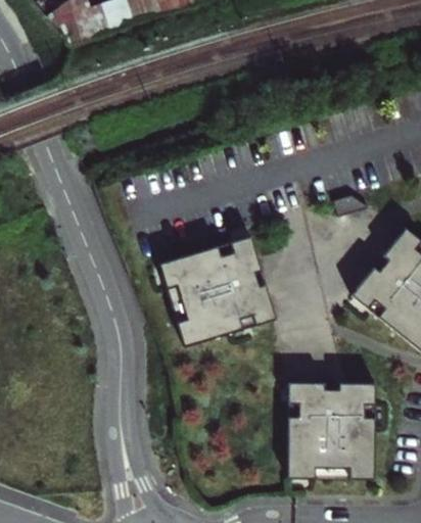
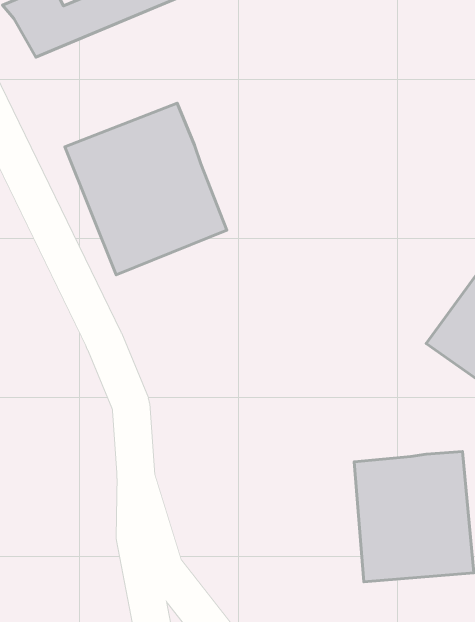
building: none -> [65,103,227,275]
building: [153,234,272,346] -> none

